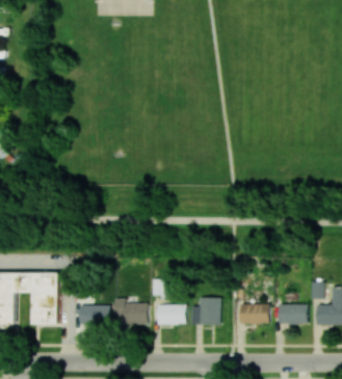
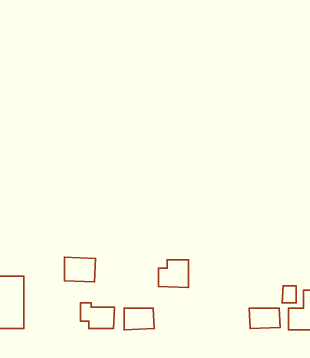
building: [190,298,219,325] -> [159,260,188,287]
building: [240,303,269,324] -> none
building: [79,304,109,328] -> [65,257,96,282]

